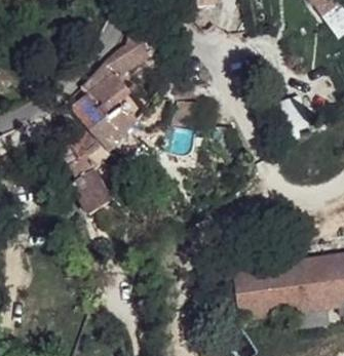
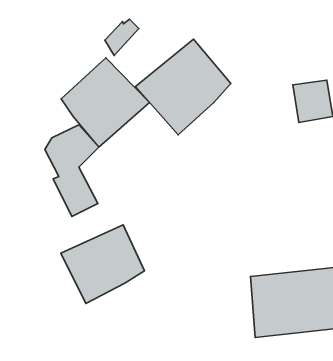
building: none -> [135,39,231,135]
building: none -> [61,225,144,303]

